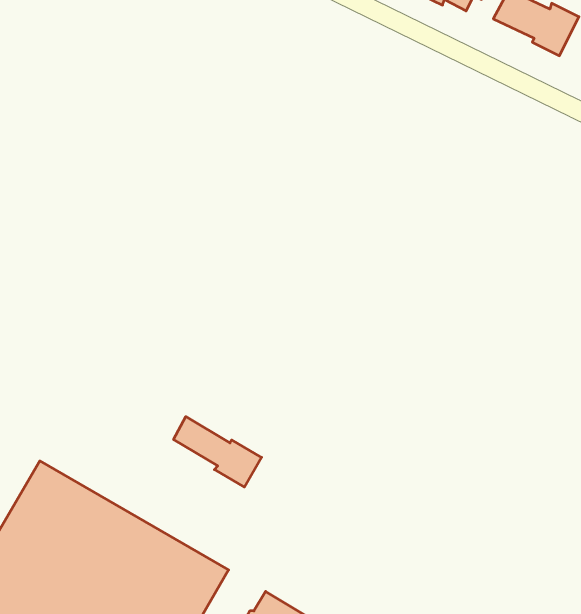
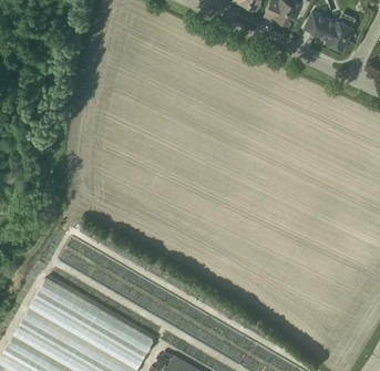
building: [174,417,262,487] -> none

